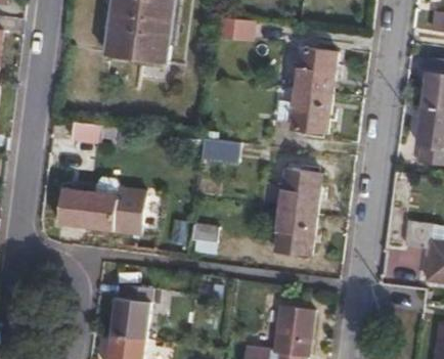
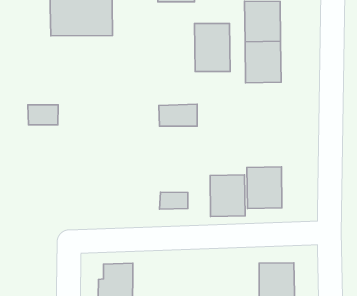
building: none -> [195,23,230,72]
building: [279,171,318,215] -> [210,175,245,216]
building: [59,183,145,235] -> none

